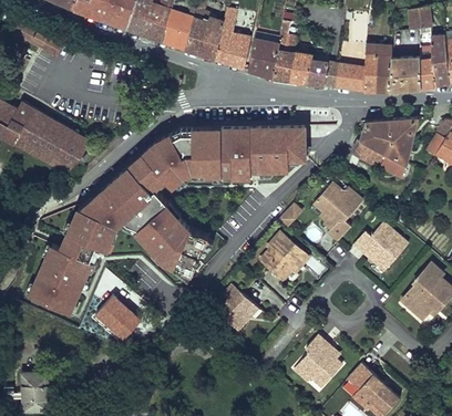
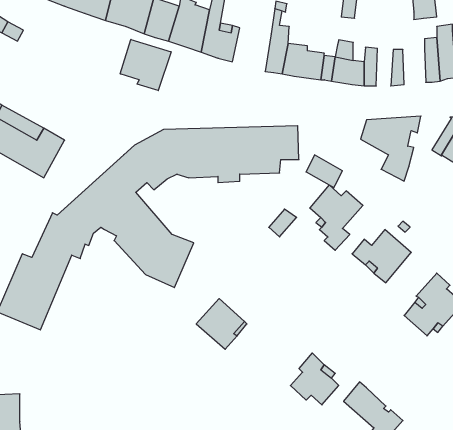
building: [248,39,279,77] -> none
building: [366,44,392,91] -> none
building: none -> [120,39,171,91]
building: [400,56,421,90] -> none
building: [353,139,387,169] -> [306,155,342,188]
building: [260,232,309,280] -> none
building: [91,292,142,343] -> none

